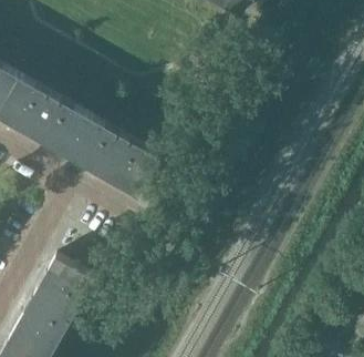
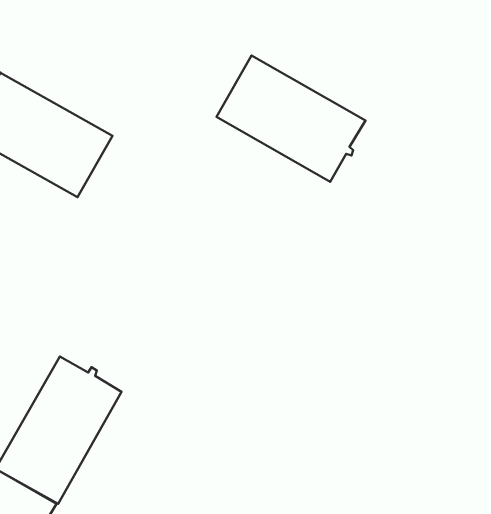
building: [65,116,159,196] -> [216,56,365,182]

